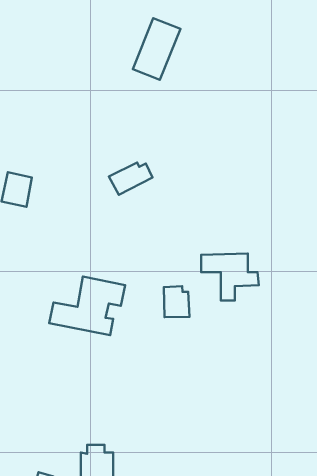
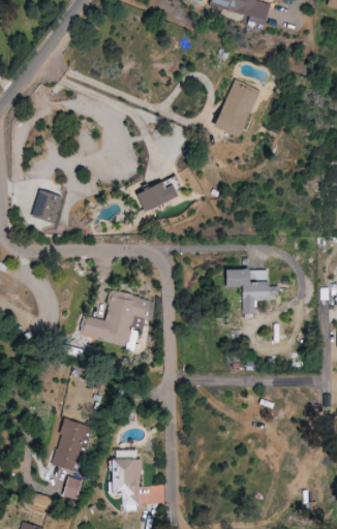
building: [133,18,180,80] -> [213,79,258,137]
building: [164,286,189,317] -> none
building: none -> [52,417,95,471]

